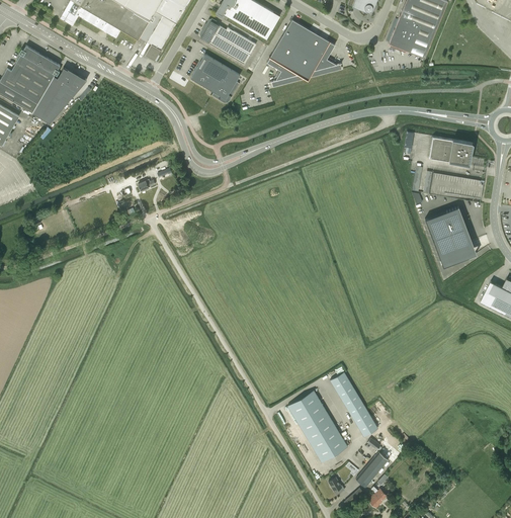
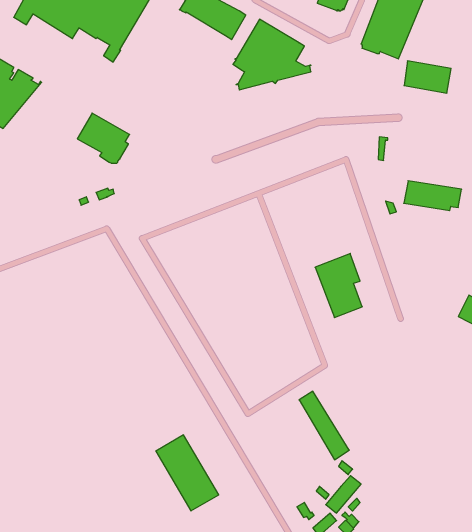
building: [199,19,256,65] -> none
building: [190,55,240,102] -> [77,113,130,163]
building: [428,136,473,166] -> [404,61,451,93]
building: [425,206,470,267] -> [315,253,362,318]
building: [287,391,347,462] -> [156,435,219,511]

